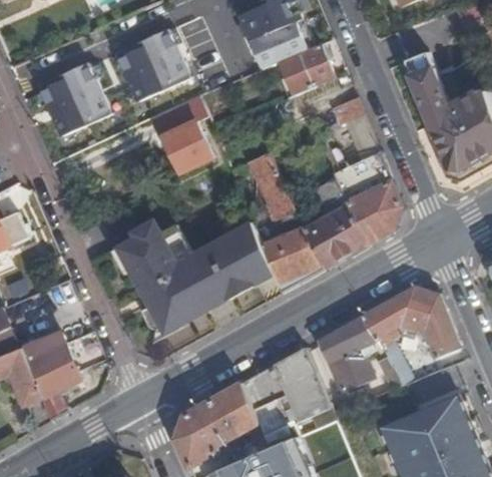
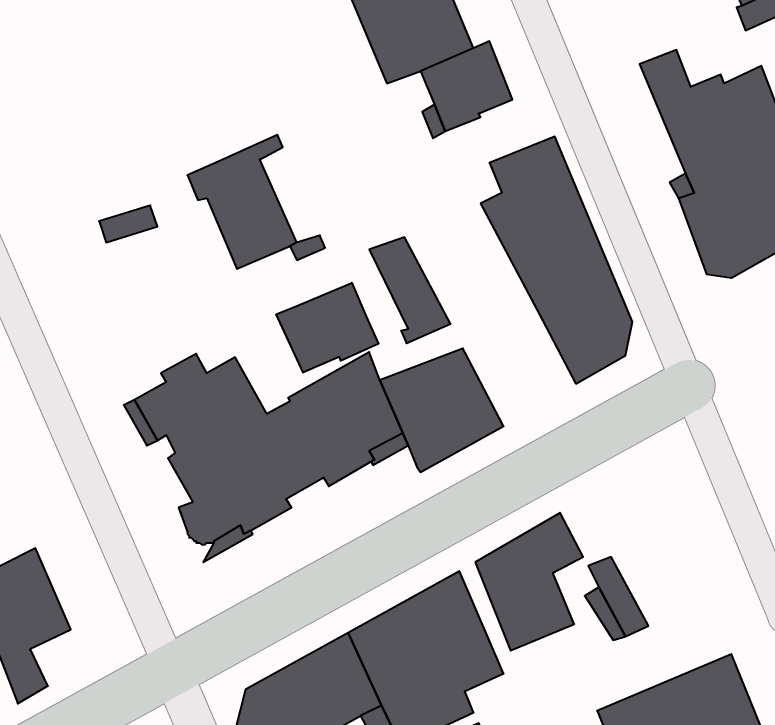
building: [127,32,193,99] -> none
building: [52,65,113,133] -> none
building: none -> [276,283,379,373]
building: [305,204,368,265] -> none
building: [359,286,461,359] -> none

